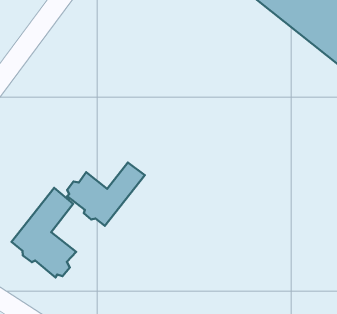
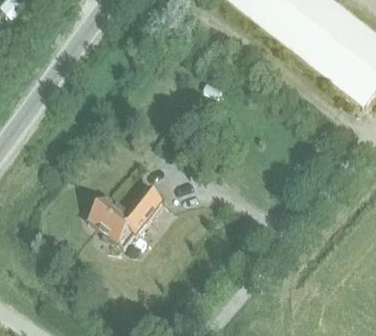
building: [12,188,76,277] -> none

